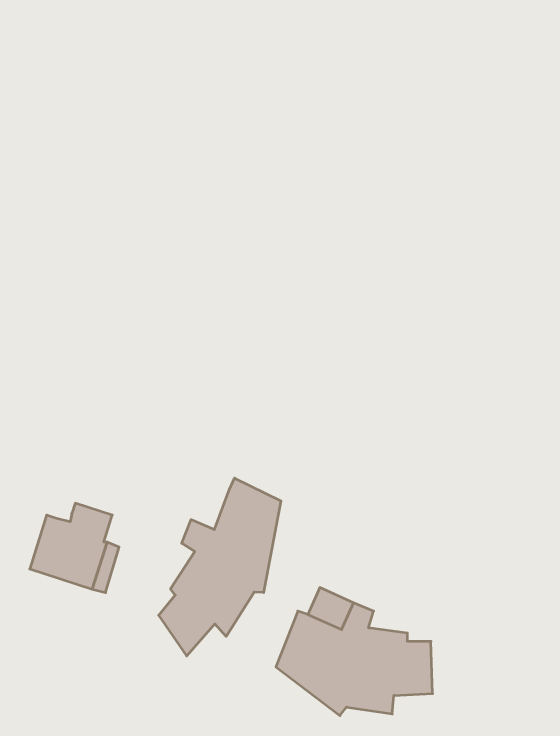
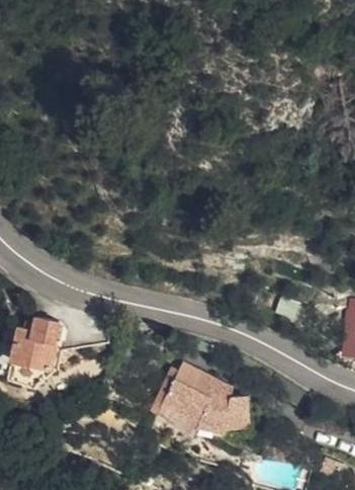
building: [159,478,281,656] -> none

